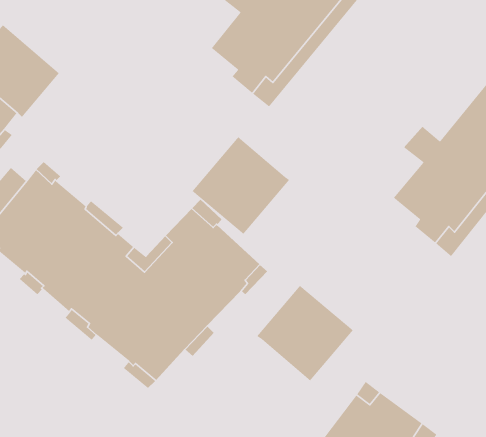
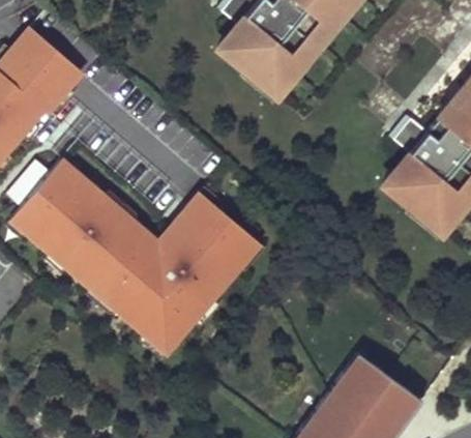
building: [191,136,290,235] -> none
building: [256,285,354,381] -> none

